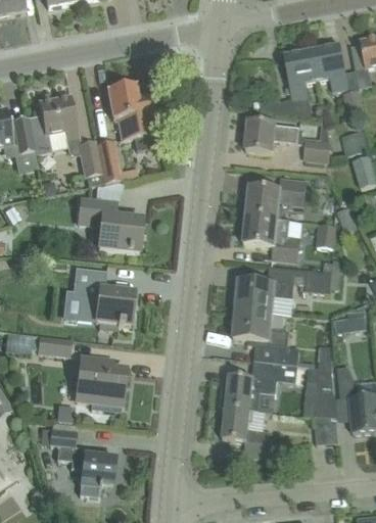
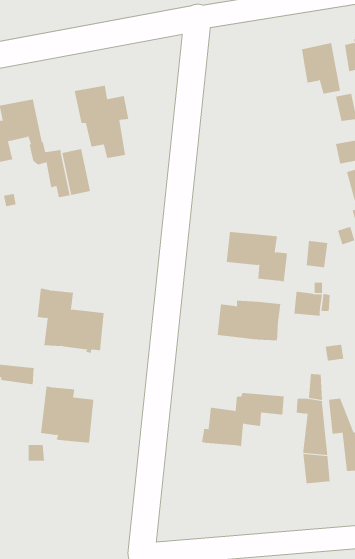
building: [281,50,318,115] -> none
building: [246,118,331,161] -> none
building: [247,178,307,219] -> none
building: [78,197,142,252] -> none
building: [233,310,299,365] -> none
building: [223,408,272,458] -> none
building: [49,428,114,495] -> none

